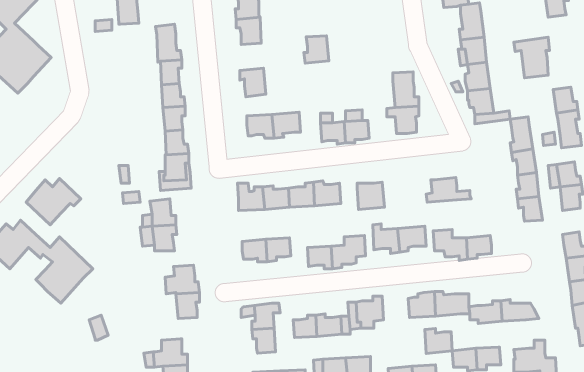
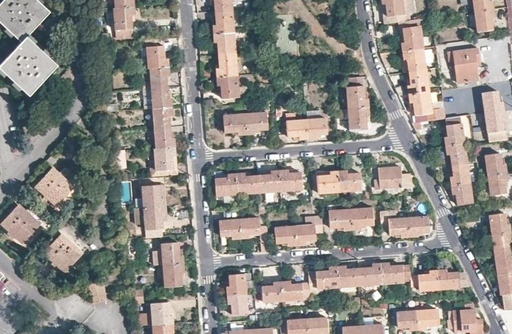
building: [304,36,329,63] -> [216,54,237,77]
building: none -> [337,171,360,192]
building: [425,328,452,353] -> [337,266,360,287]

